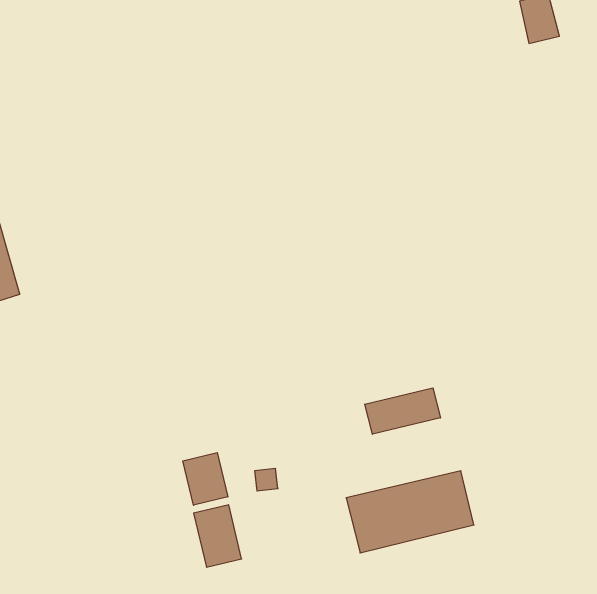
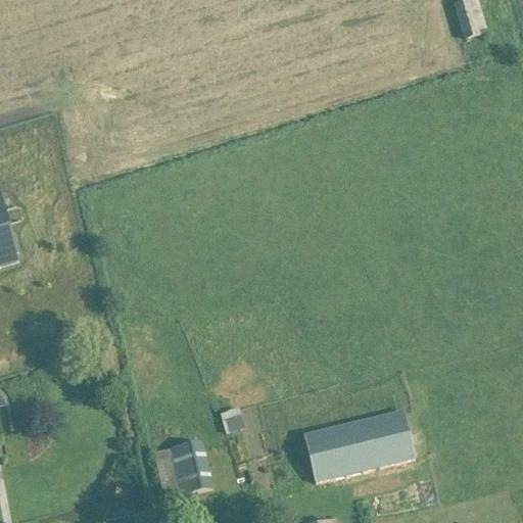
building: [365,388,440,434] -> none
building: [183,453,228,505] -> none

